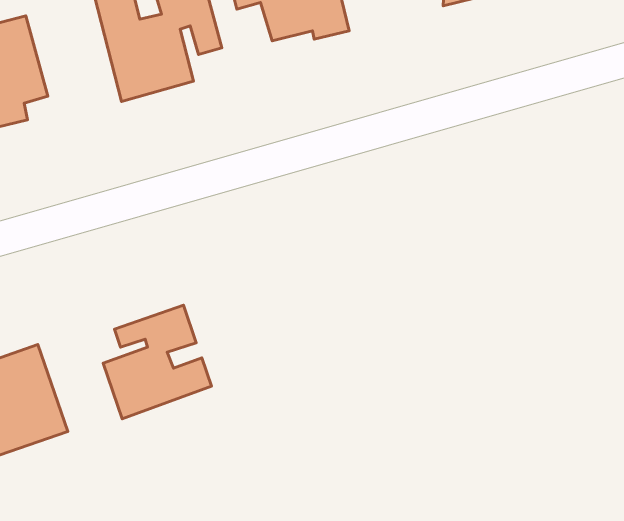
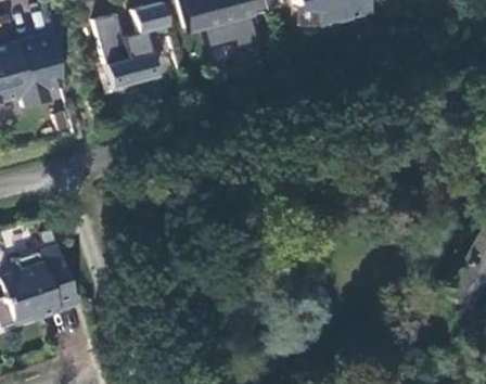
building: [103,305,212,419] -> none

